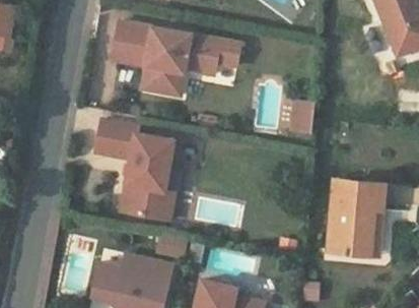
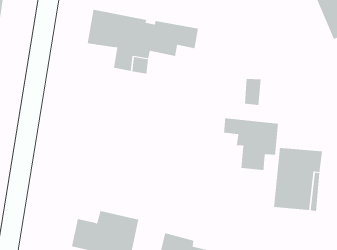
building: [94,120,173,221] -> none
building: none -> [223,117,279,171]

